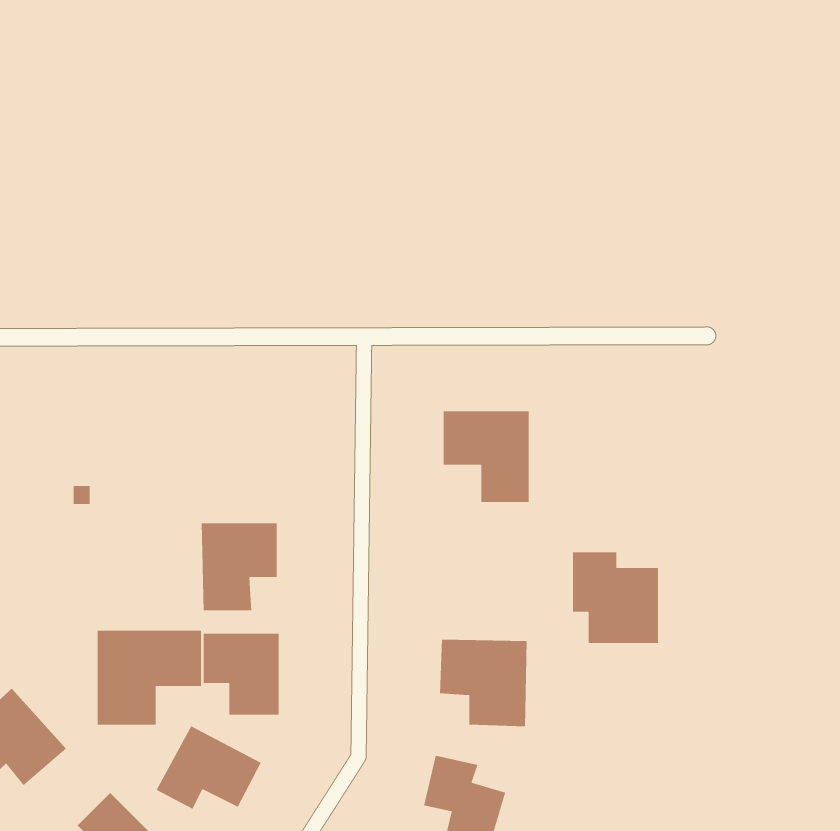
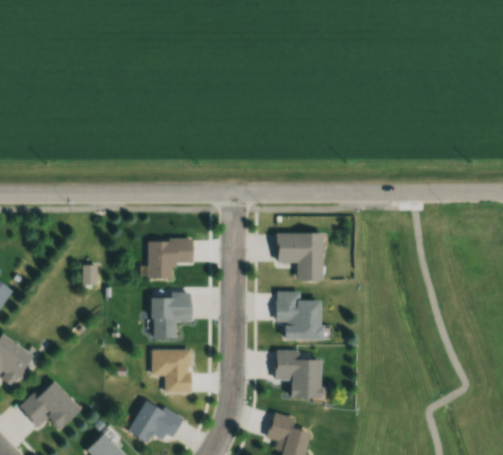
building: none -> [148,238,193,278]
building: [572,551,659,644] -> [277,291,322,340]
building: [97,630,202,726] -> none

